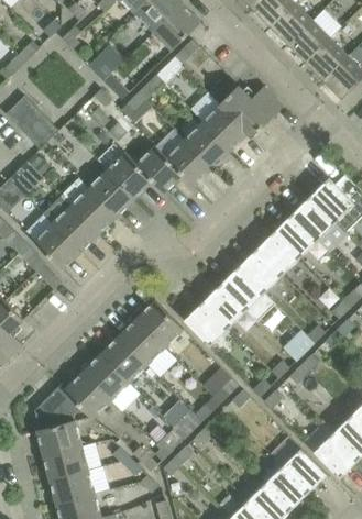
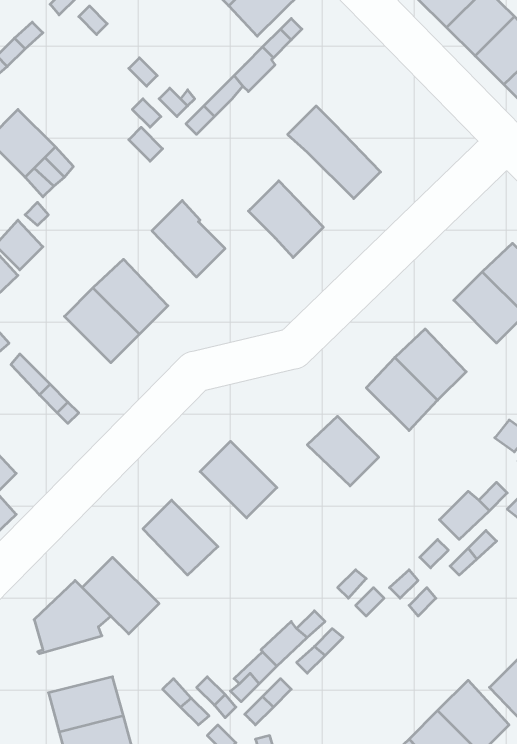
building: [218,86,283,139] -> none
building: [184,122,230,168] -> none
building: [134,145,182,194] -> none
building: [88,170,133,217] -> none
building: [274,213,318,257] -> none
building: [33,223,80,270] -> none
building: [220,267,275,322] -> none
building: [183,302,228,346] -> none
building: [118,319,164,365] -> none
building: [81,354,128,400] -> none
building: [36,420,81,455] -> none

